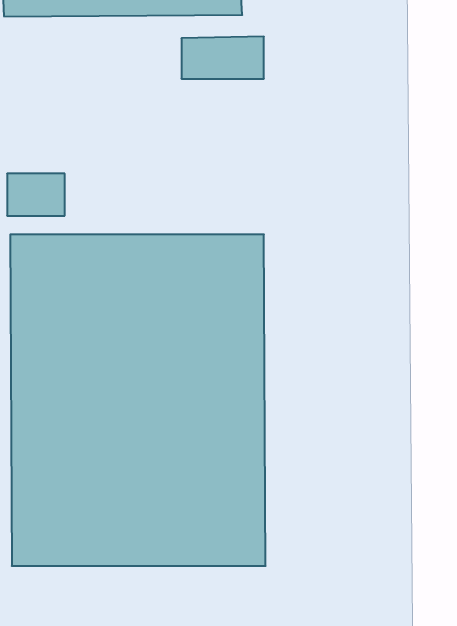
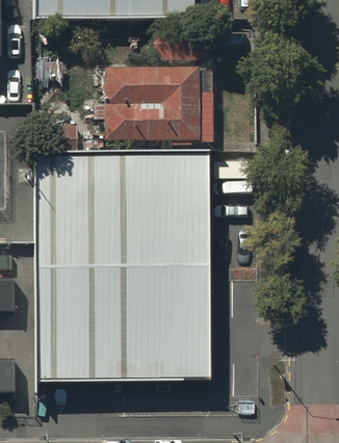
building: none -> [114,67,209,136]

